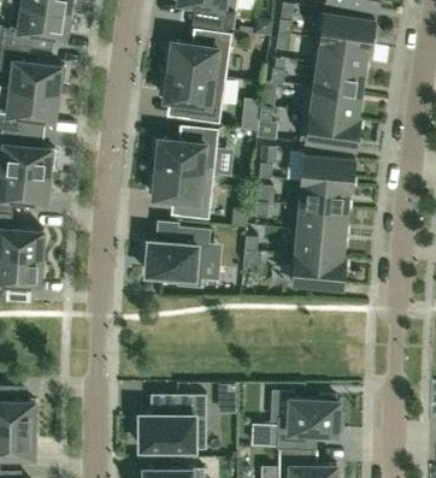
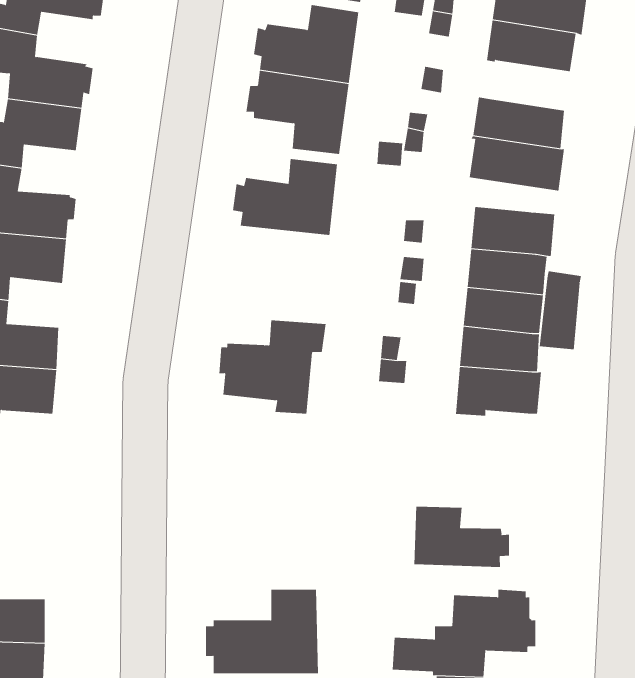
building: [313,64,364,95] -> none
building: [148,167,213,219] -> none
building: none -> [539,270,581,350]
building: none -> [414,506,510,568]

